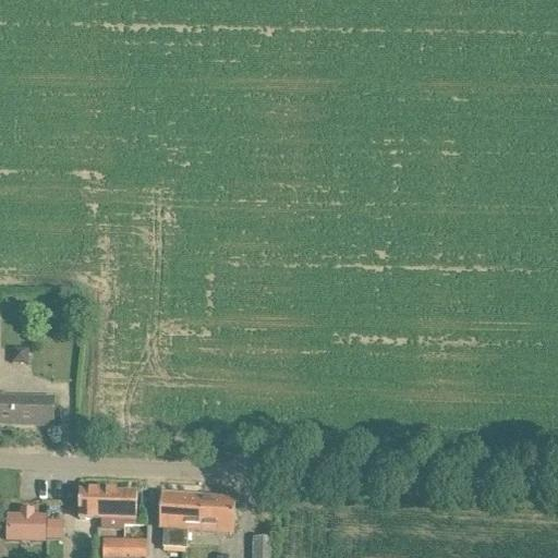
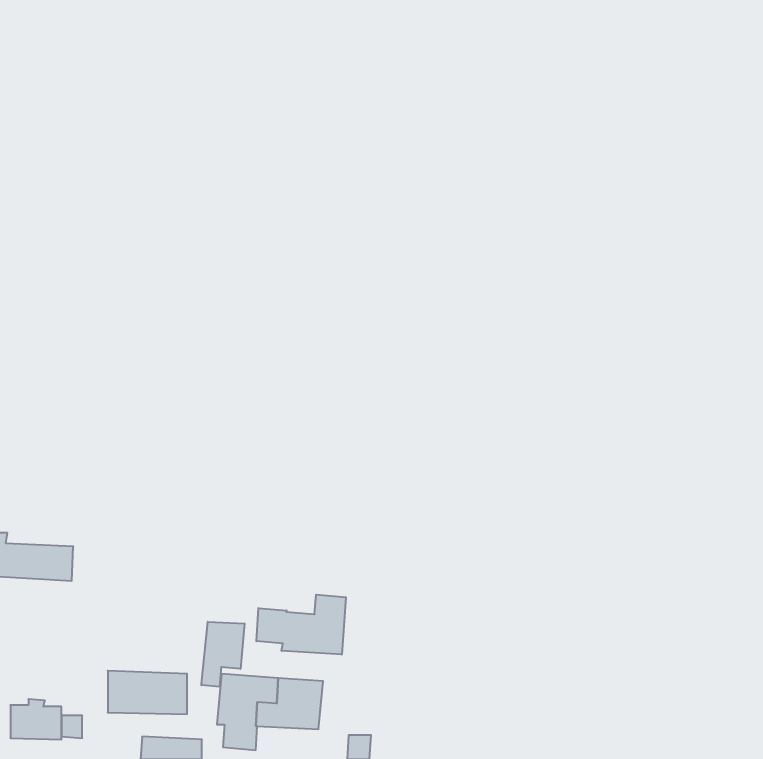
building: none -> [256,595,346,655]
building: none -> [201,622,244,687]

